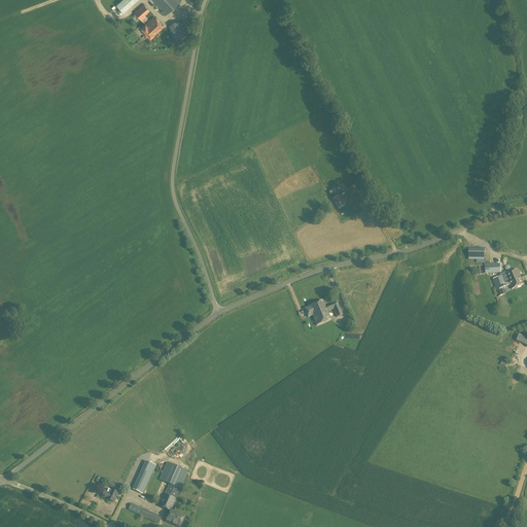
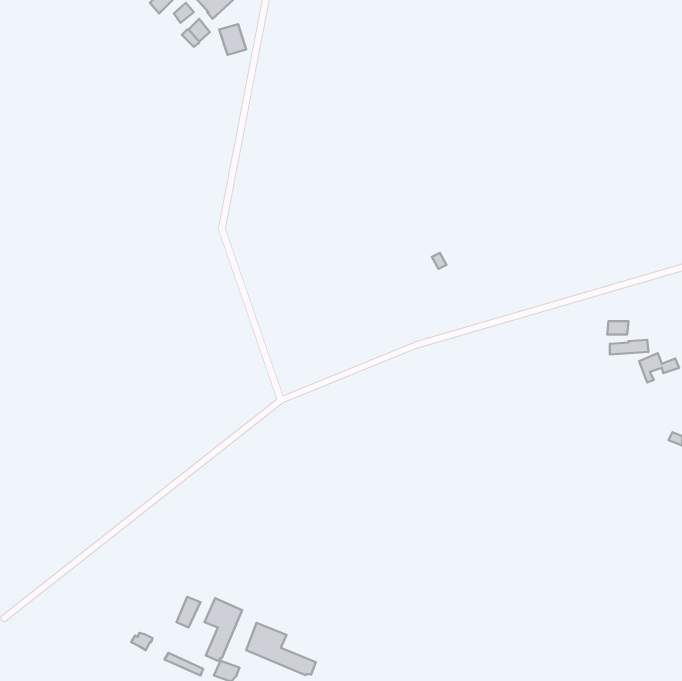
building: [304,298,342,323] -> none
building: none -> [246,623,316,675]

